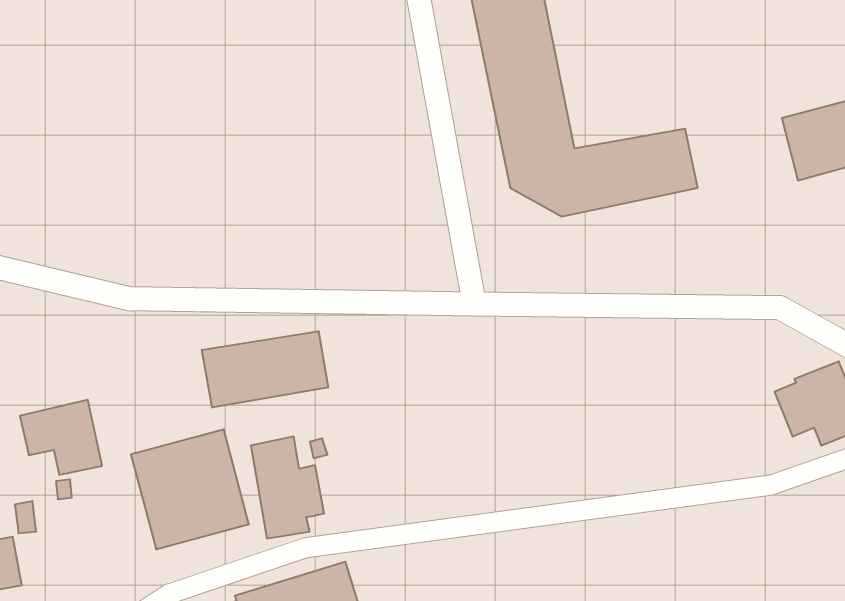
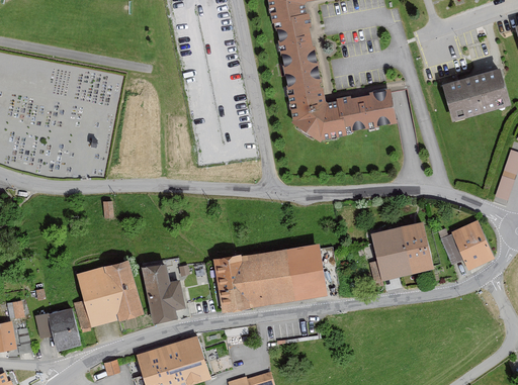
building: [202,331,328,408] -> none
building: none -> [369,222,434,287]
building: none -> [213,243,327,310]
building: [20,400,102,475] -> [33,307,80,350]

